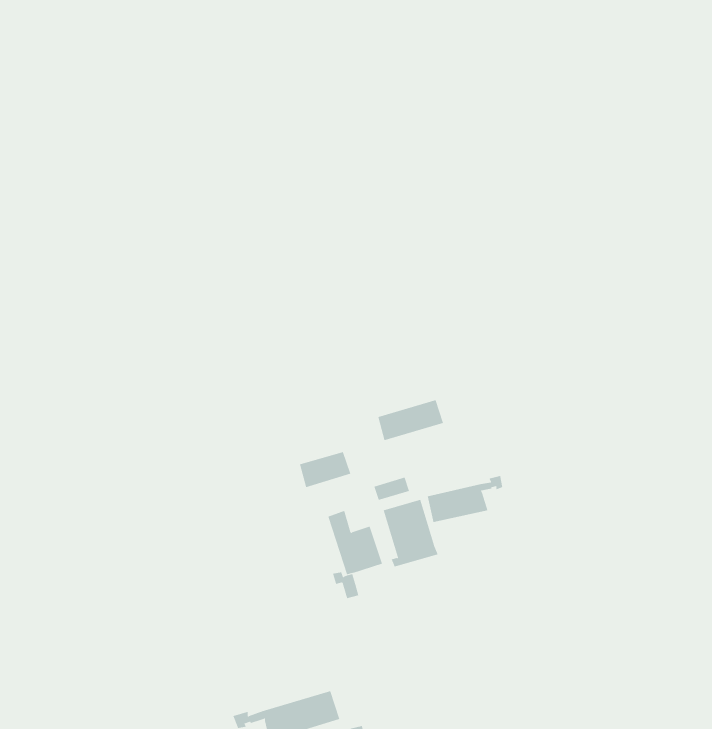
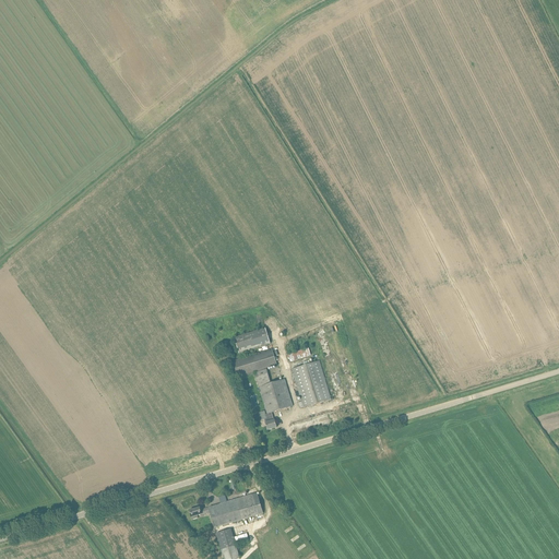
building: [377,400,444,441] -> [231,347,277,376]
building: [427,475,503,523] -> none

